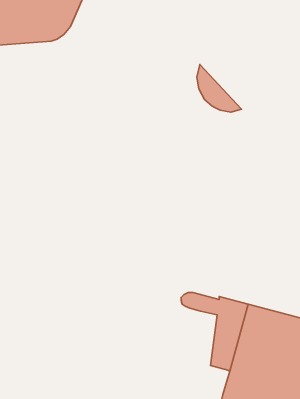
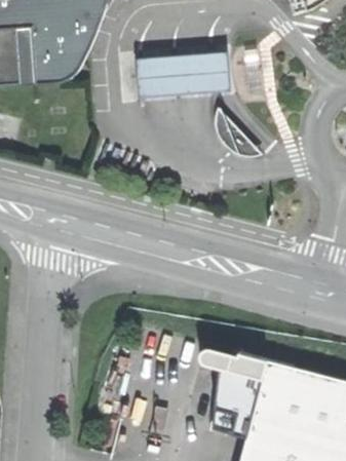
building: none -> [139,49,235,98]
building: none -> [213,367,248,436]

